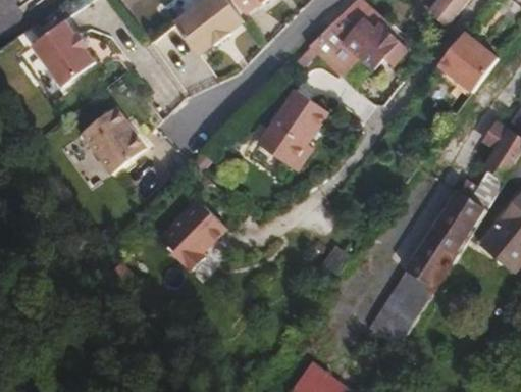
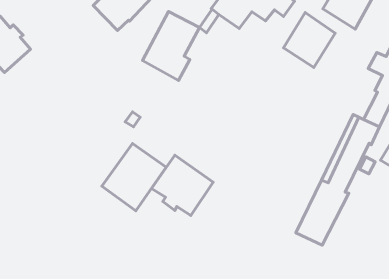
building: none -> [284,12,335,68]
building: [258,88,329,169] -> [143,12,200,80]
building: [77,109,143,177] -> none
building: none -> [152,155,213,215]

